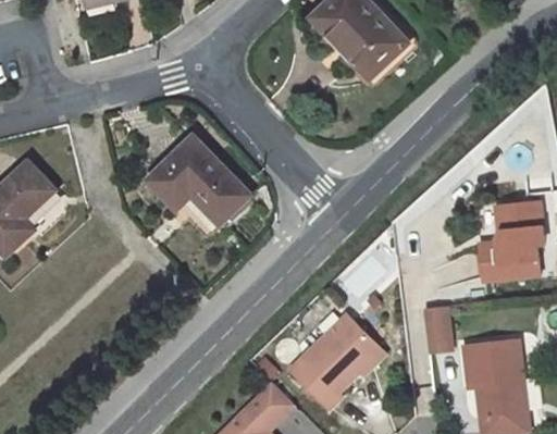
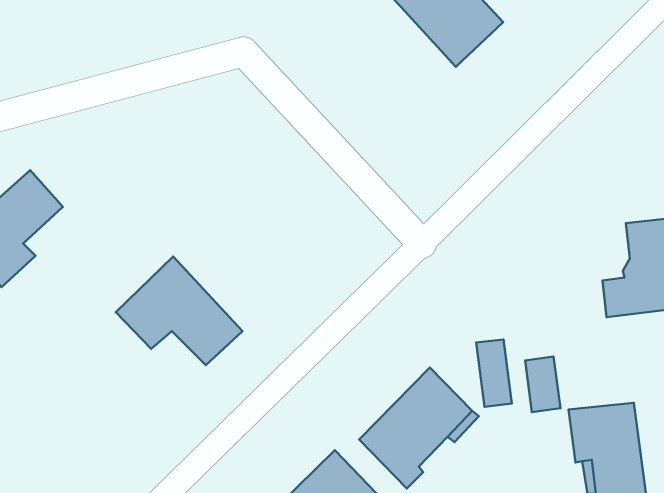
building: [147,134,248,221] -> [116,256,242,365]
building: none -> [476,339,512,407]

